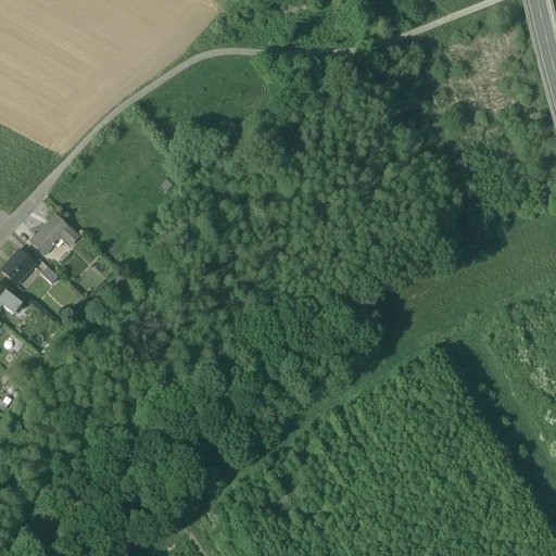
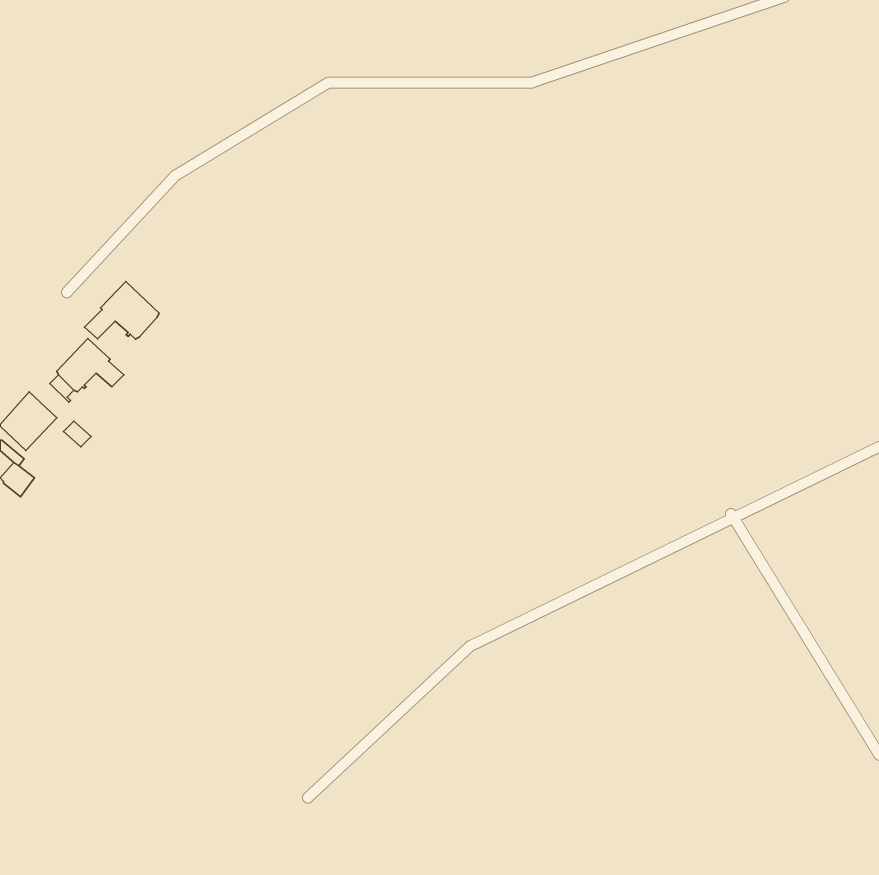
building: none -> [85,282,159,339]

